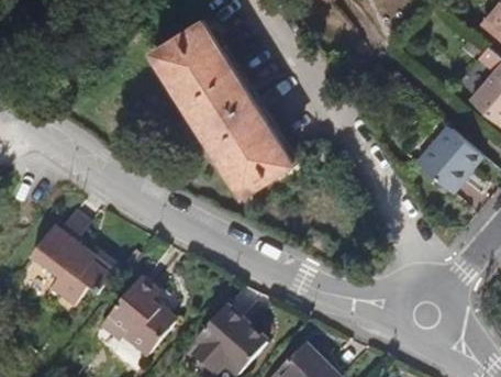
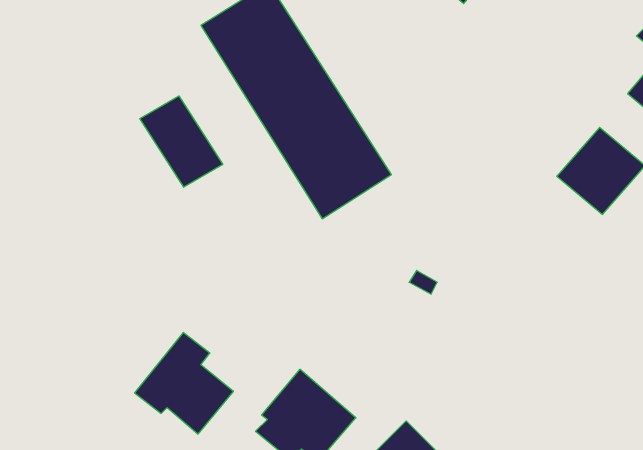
building: none -> [140,96,223,187]
building: [30,215,118,306] -> none

